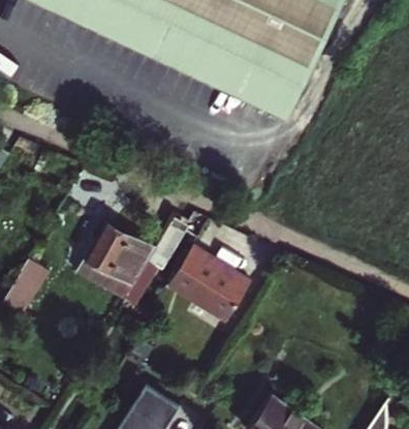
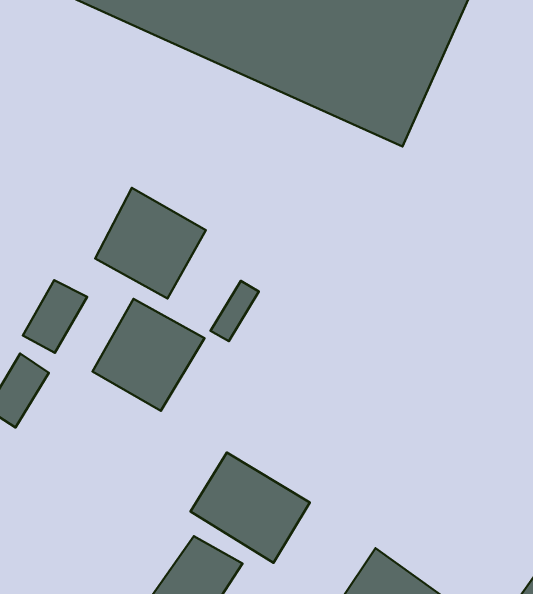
building: none -> [95,188,206,298]
building: none -> [23,280,87,353]
building: [167,246,249,321] -> [190,453,310,563]

